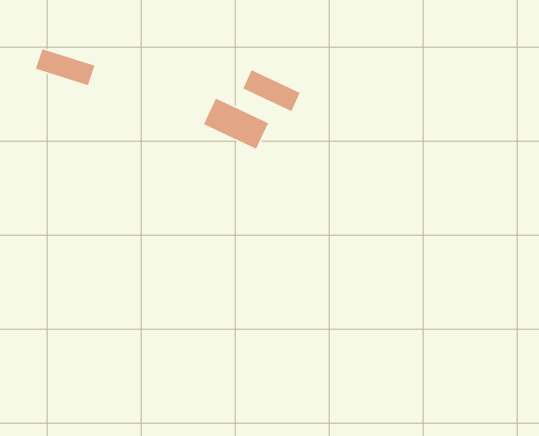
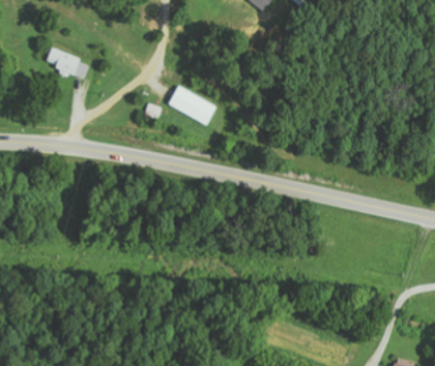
building: [242,69,301,112] -> none

